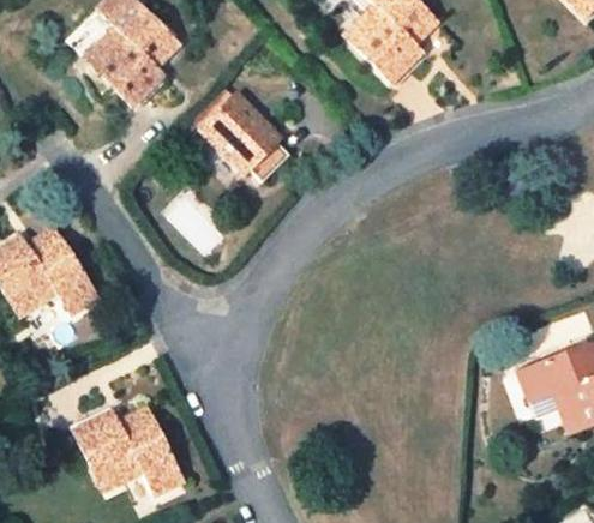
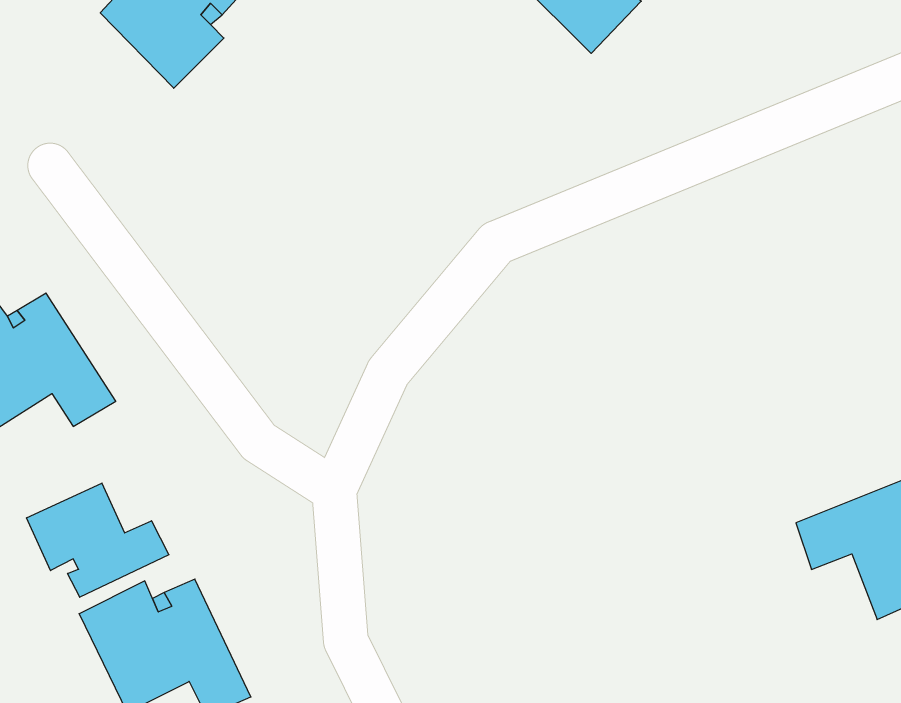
building: [204,92,289,179] -> none
building: none -> [27,483,169,597]

